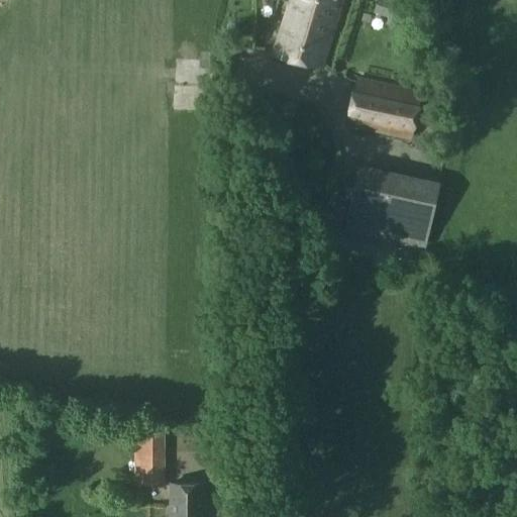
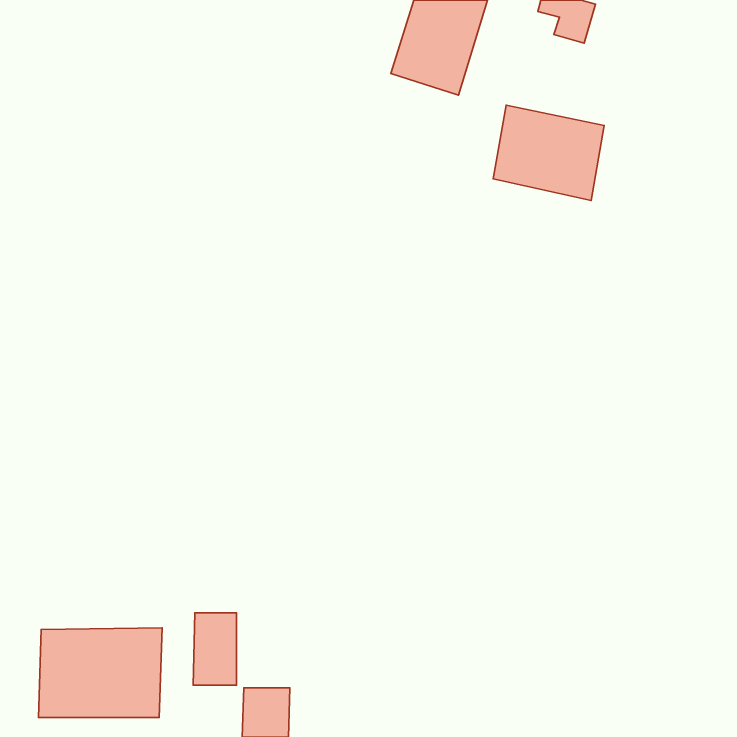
building: [347,169,439,242] -> none
building: none -> [39,628,162,717]

